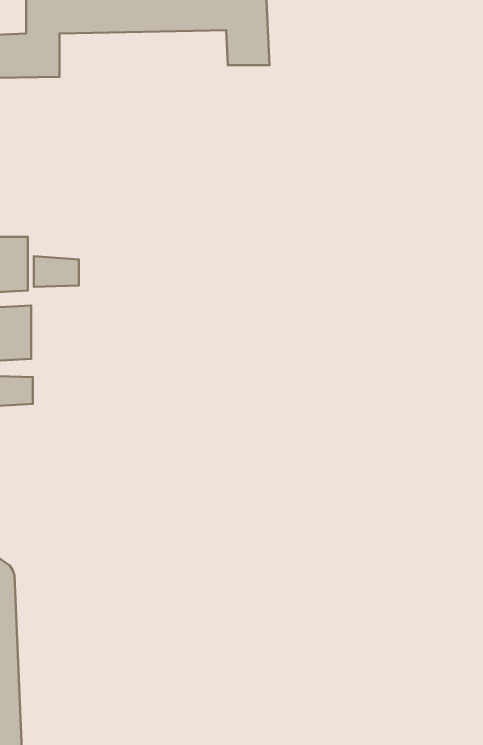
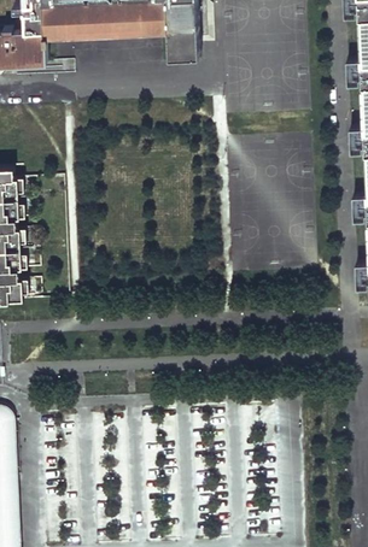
building: [34,256,79,287] -> none

